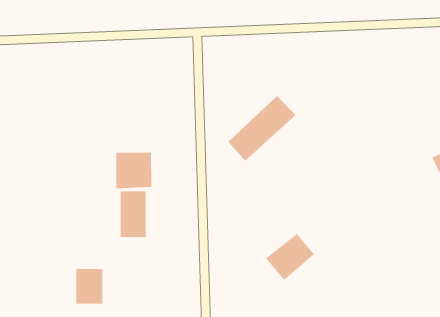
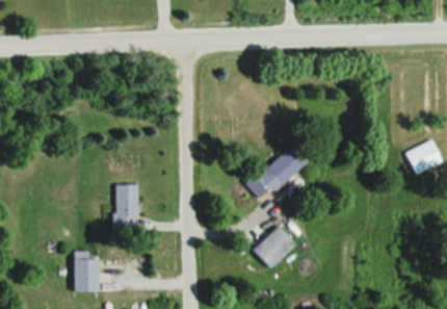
building: [227,95,296,162] -> [246,140,311,203]
building: [116,152,152,189] -> none

